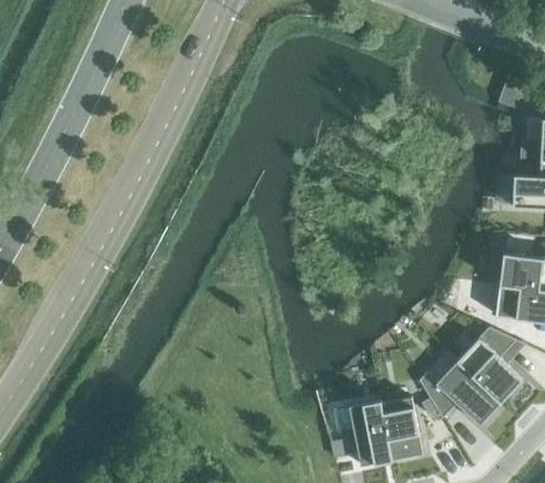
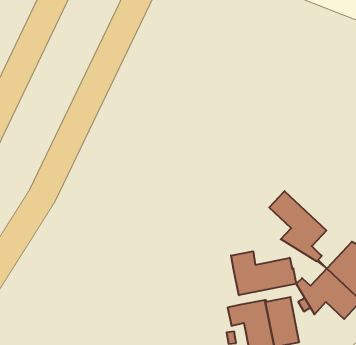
building: none -> [269,191,326,261]
building: none -> [231,251,296,295]

